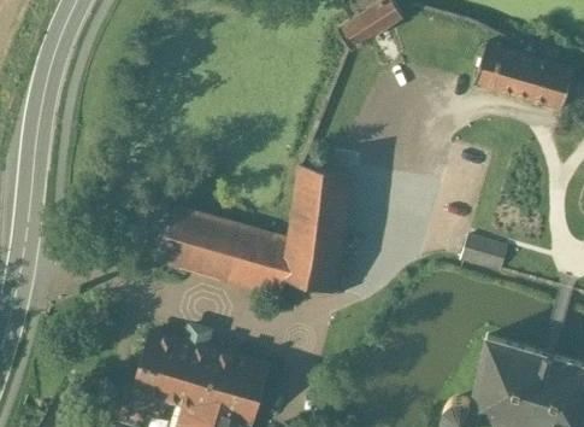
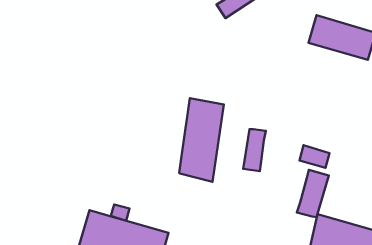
building: [161,210,288,297] -> none
building: none -> [243,129,266,171]
building: none -> [297,170,329,217]

